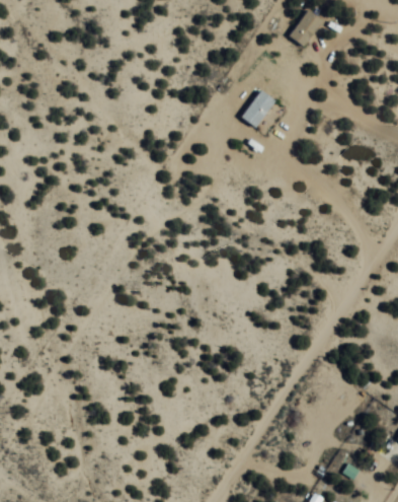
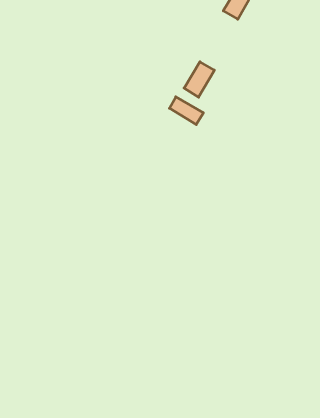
building: none -> [169,97,203,125]

